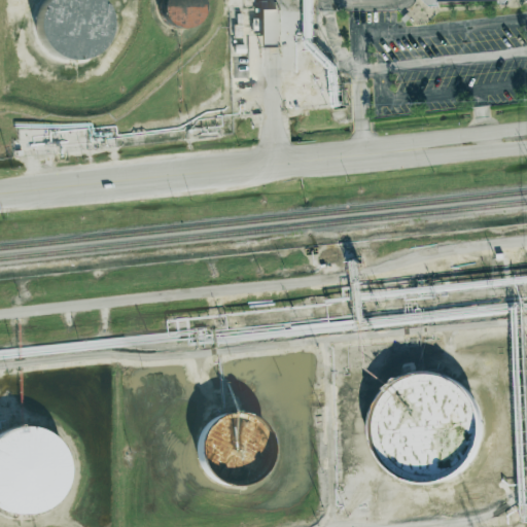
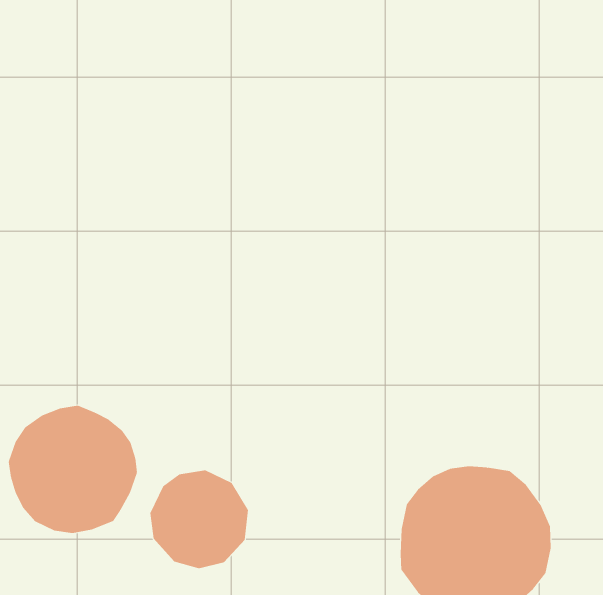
building: none -> [8,405,137,534]

